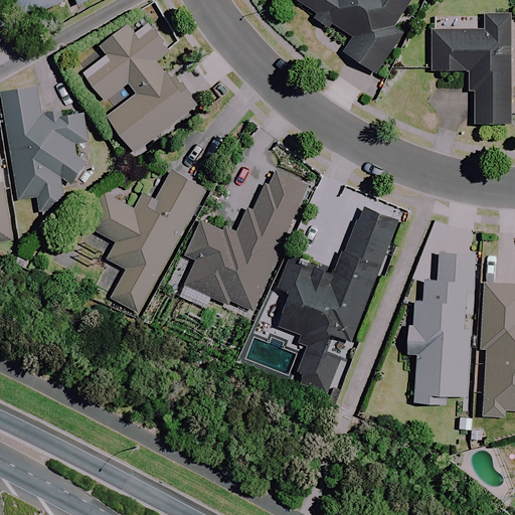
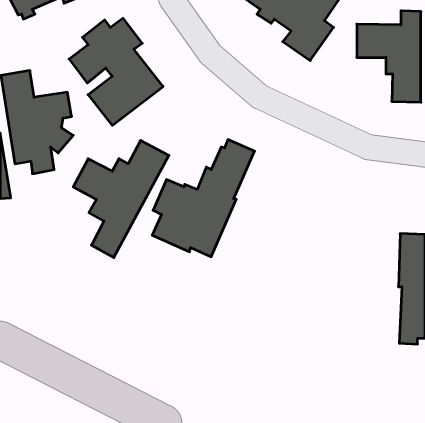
building: [277,206,401,389] -> none
building: [405,250,475,403] -> none

